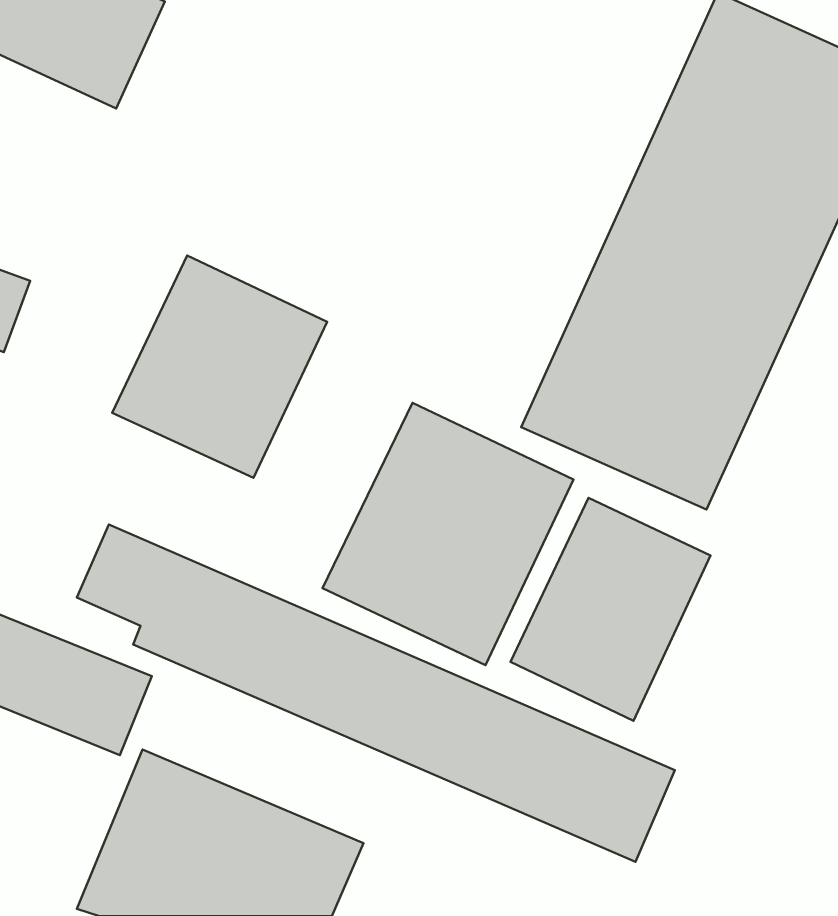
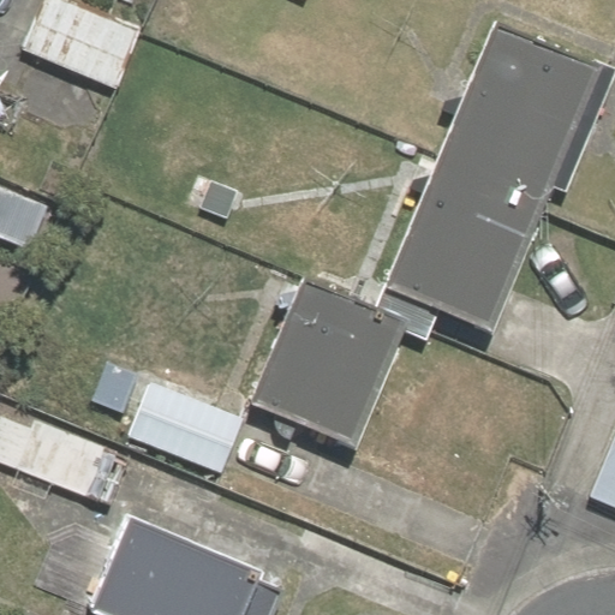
building: [112,255,327,478] -> none
building: [511,498,711,721] -> none

